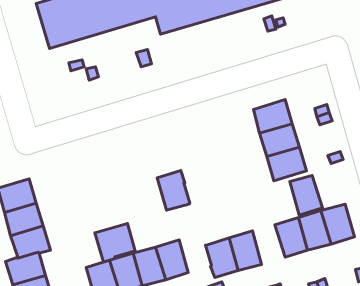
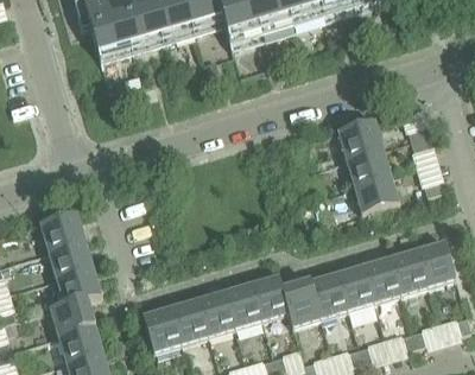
building: [157,171,190,210] -> [249,273,287,319]
building: [290,175,323,215] -> [335,263,373,310]
building: [95,224,135,262] -> none

